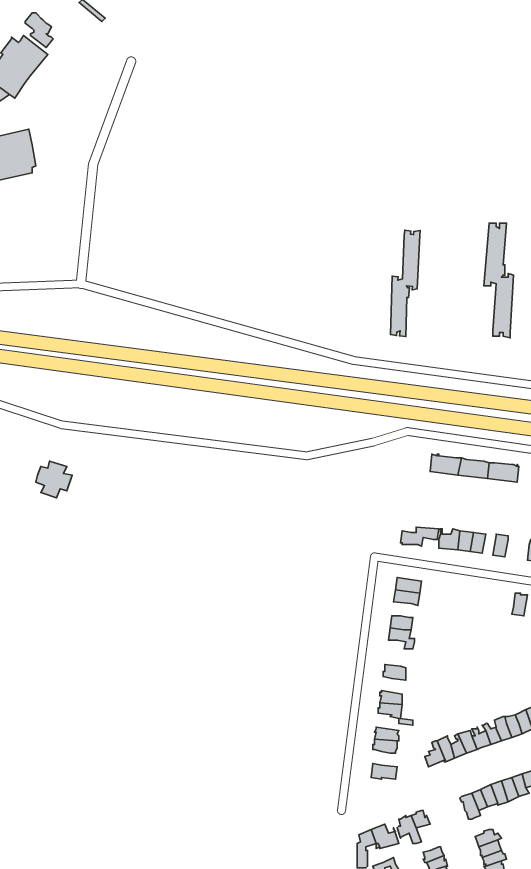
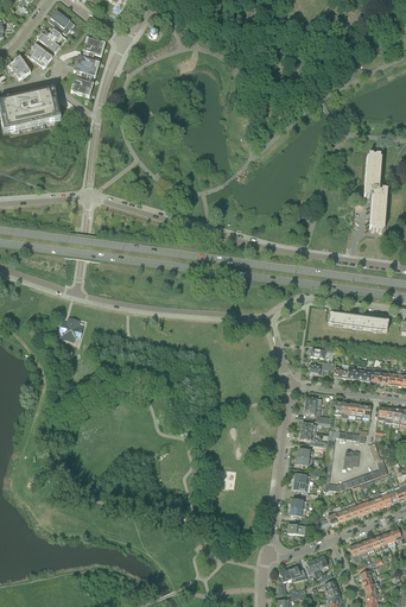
building: none -> [70,37,104,96]
building: [390,230,420,336] -> none

